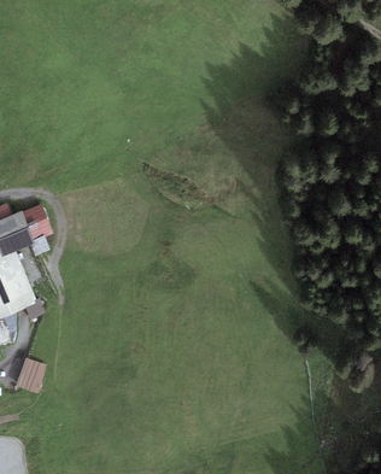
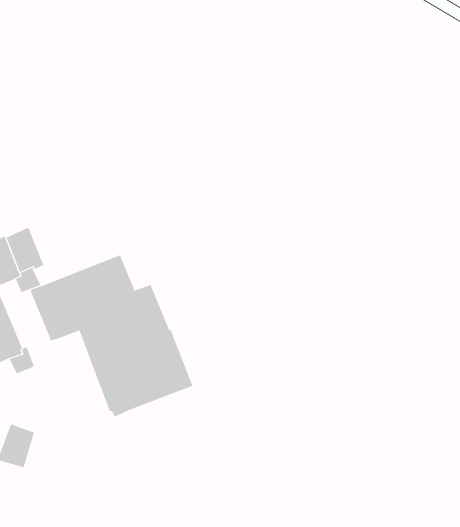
building: none -> [31,255,193,418]

